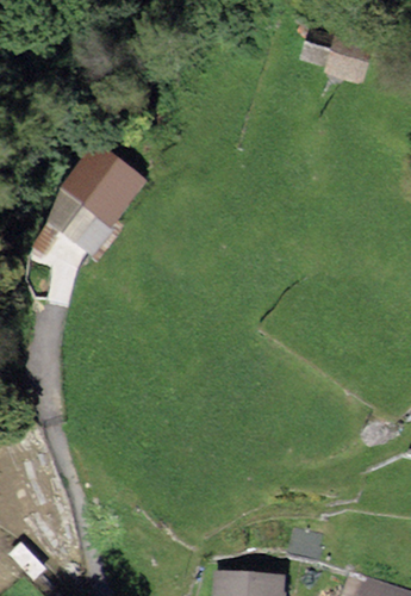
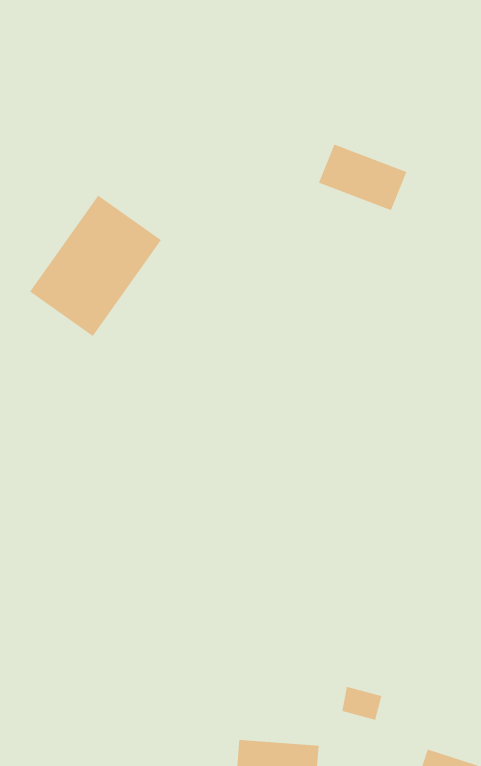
building: [297,26,365,77] -> [318,144,407,211]

